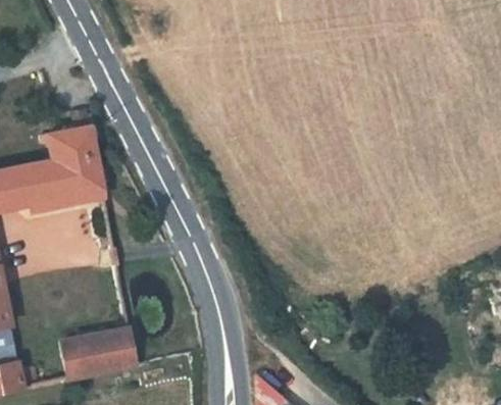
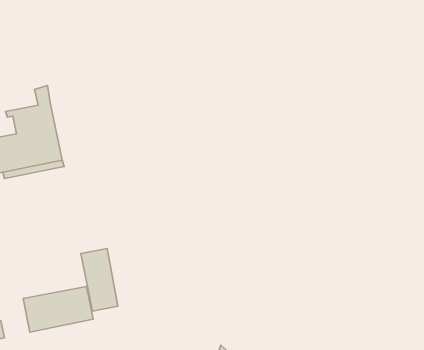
building: none -> [81,248,118,311]

